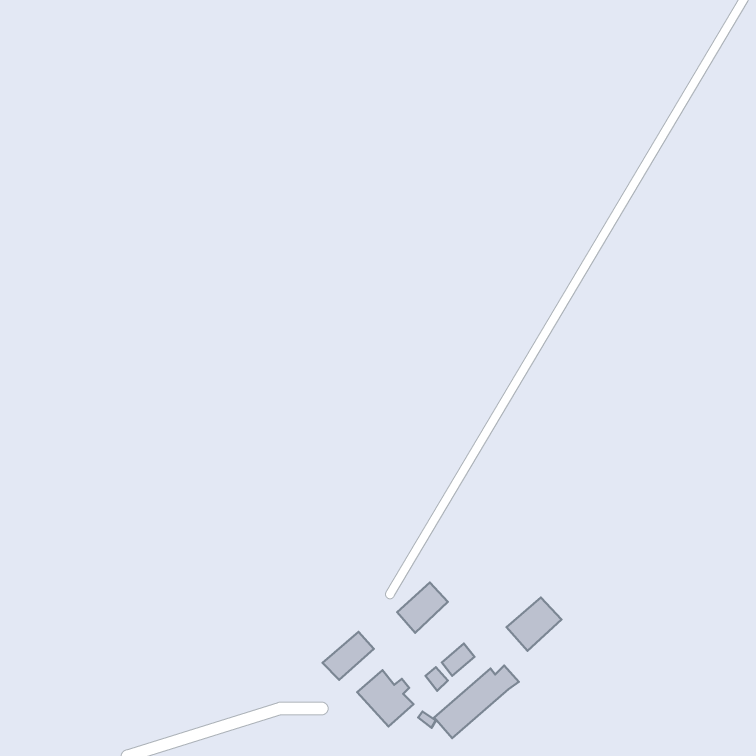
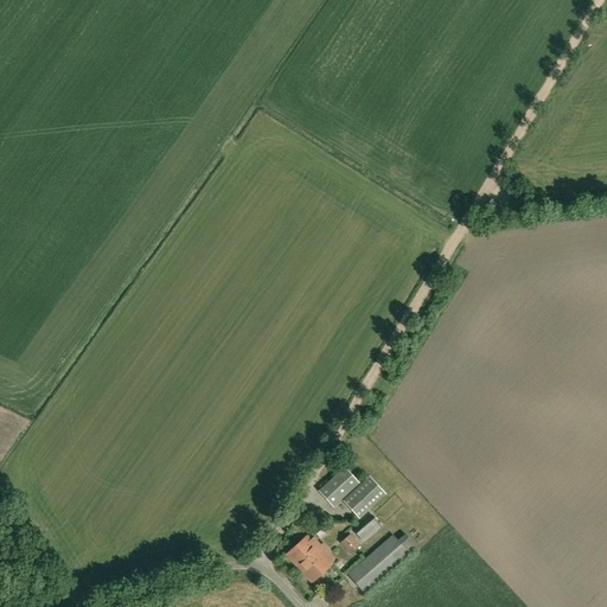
building: [507,597,561,651] -> [341,475,385,518]
building: [323,632,374,680] -> none

